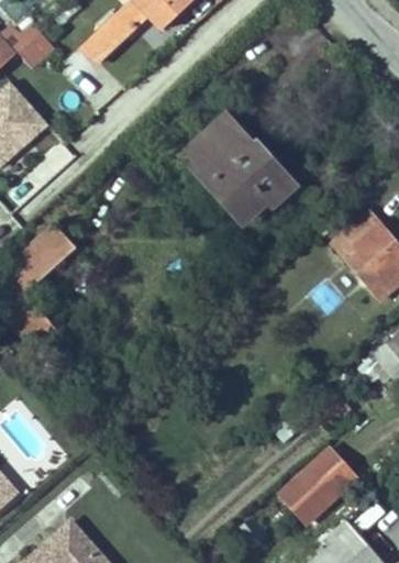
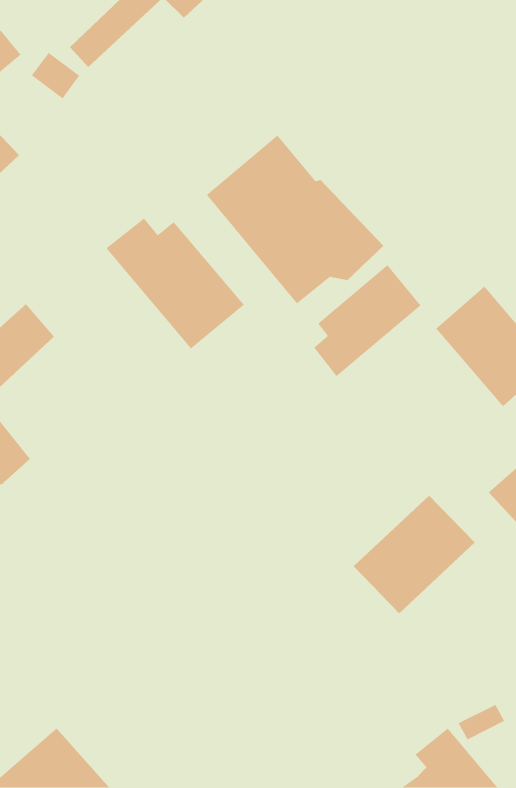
building: none -> [106,218,245,350]
building: none -> [313,264,422,376]
building: [274,444,358,527] -> [353,495,475,614]

